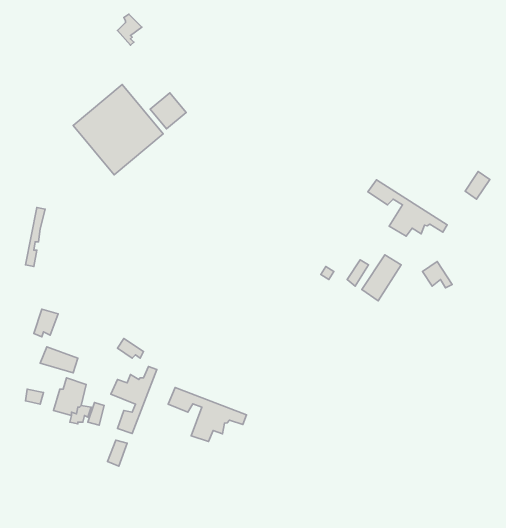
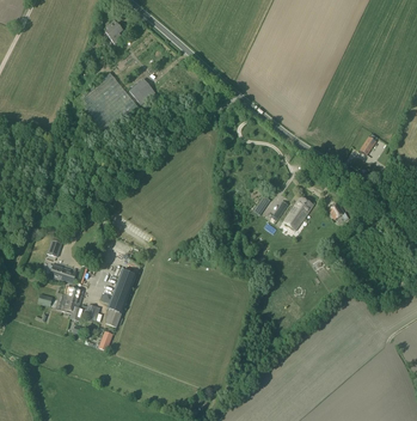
building: [368,180,447,236] -> none
building: [168,388,246,441] -> none

